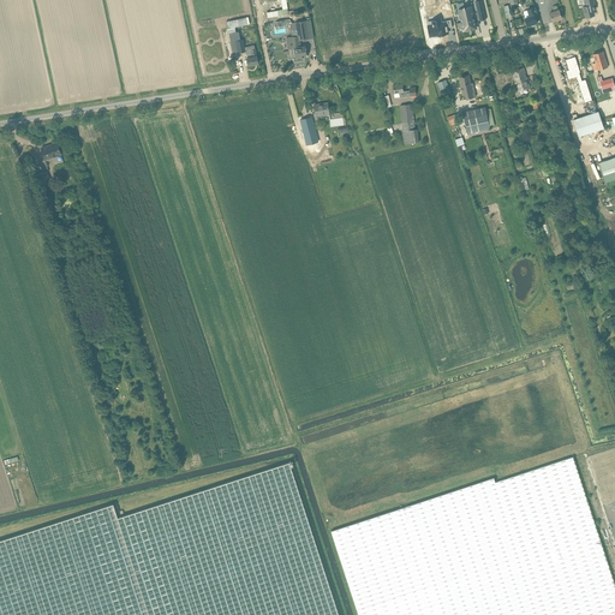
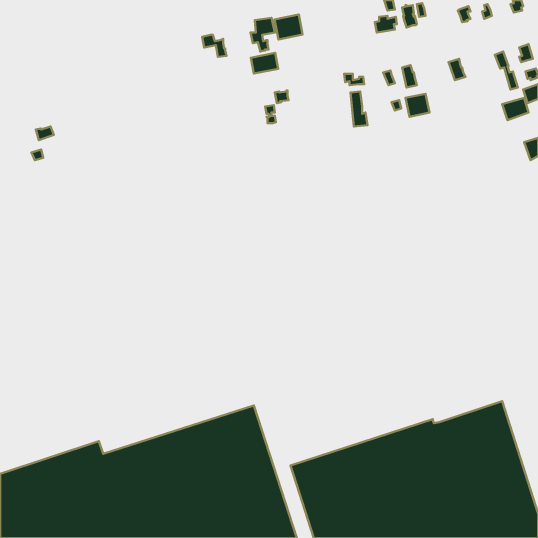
building: none -> [275,15,303,39]
building: none -> [251,53,278,74]

